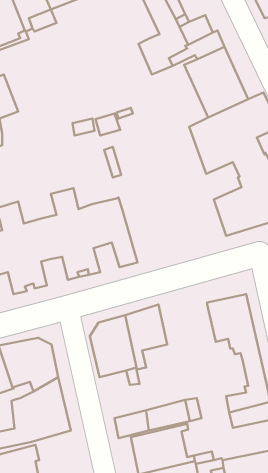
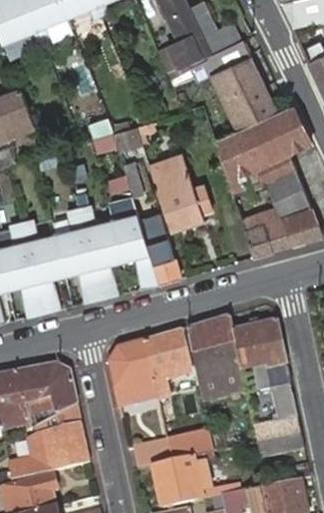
building: none -> [150,155,205,229]
building: none -> [143,221,181,284]
building: none -> [187,314,246,400]

